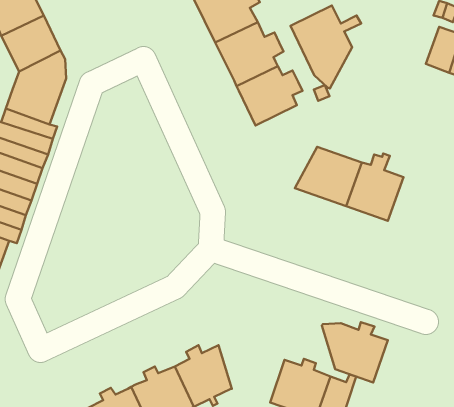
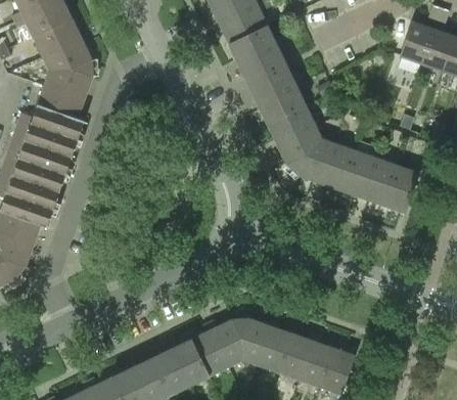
building: [291,6,361,89] -> [265,101,329,177]
building: none -> [399,21,432,63]
building: none -> [385,167,419,213]
building: [322,322,388,383] -> [231,317,291,372]

